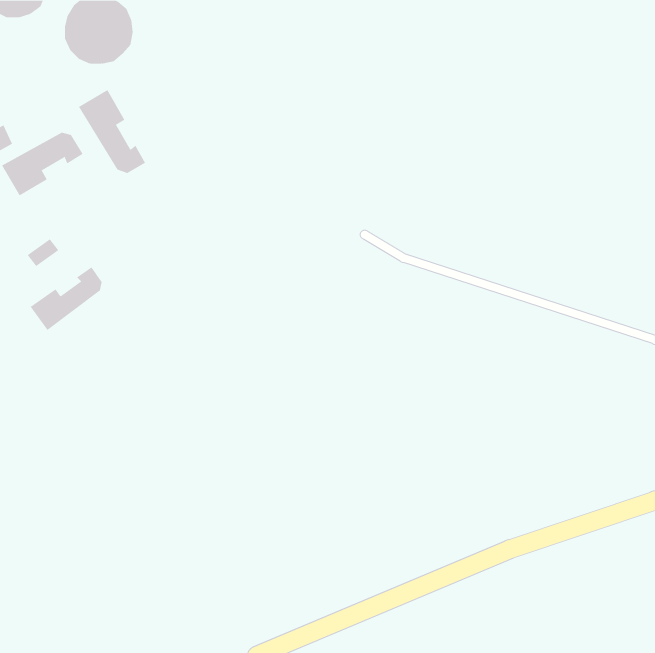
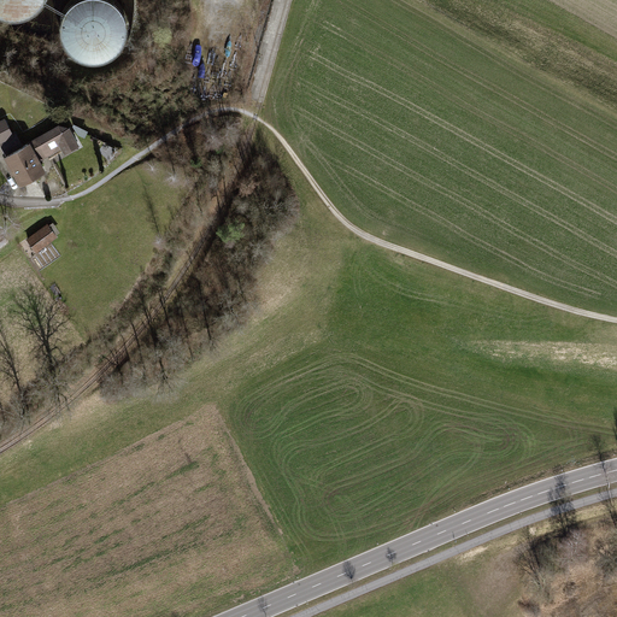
building: [78,89,146,174] -> none
building: [30,267,102,331] -> none

